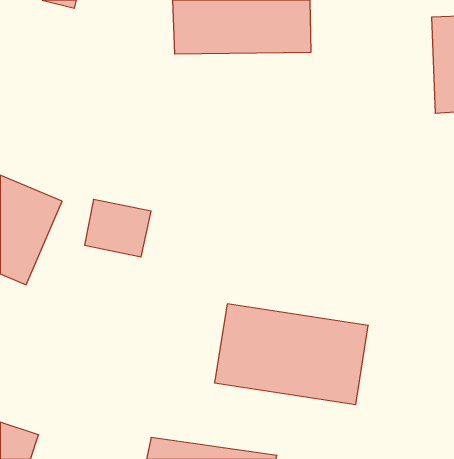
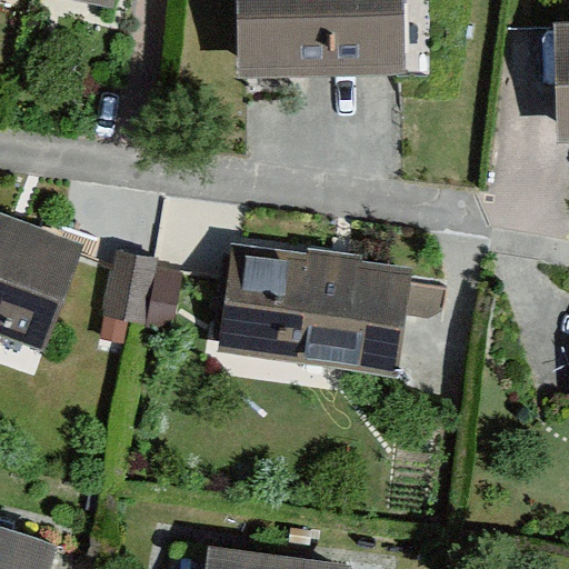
building: [215,304,368,405] -> [220,259,410,383]

